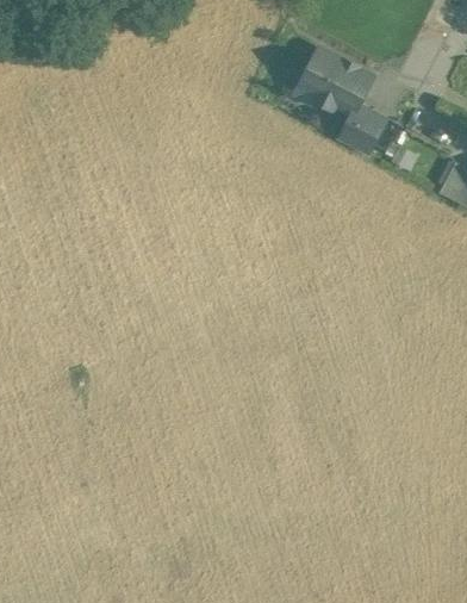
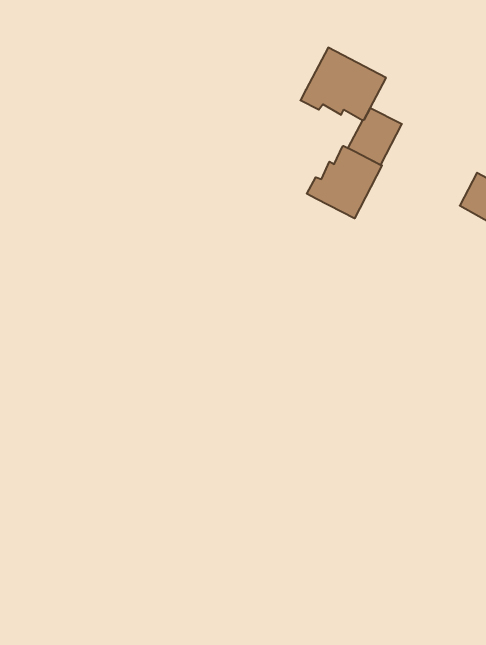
building: none -> [307,146,382,218]

